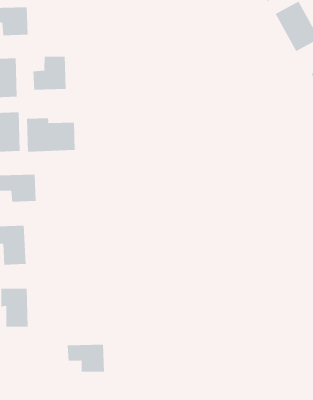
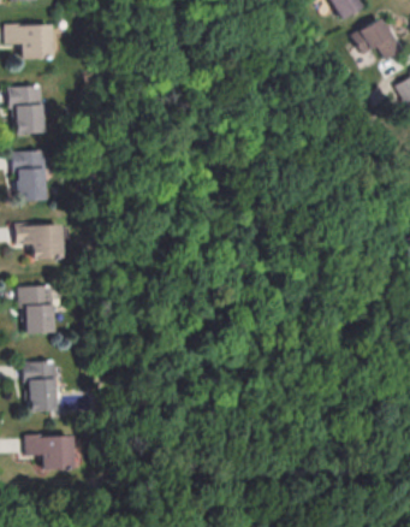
building: [33,56,66,91] -> none
building: [26,118,75,153] -> none
building: [67,344,105,372] -> [28,436,73,469]

